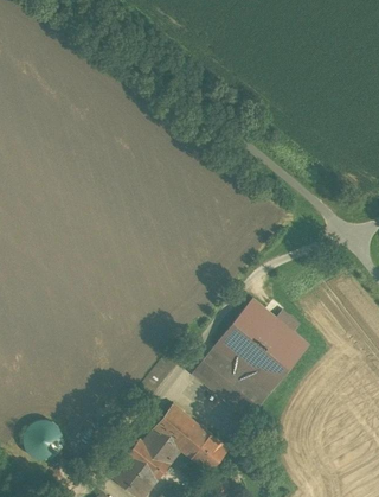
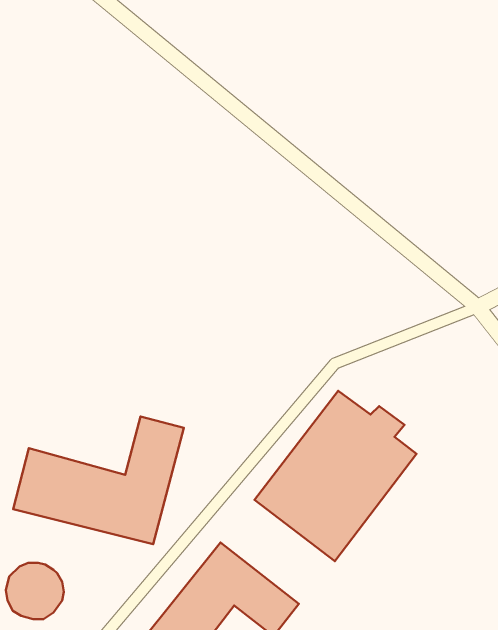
building: none -> [13,416,184,544]

